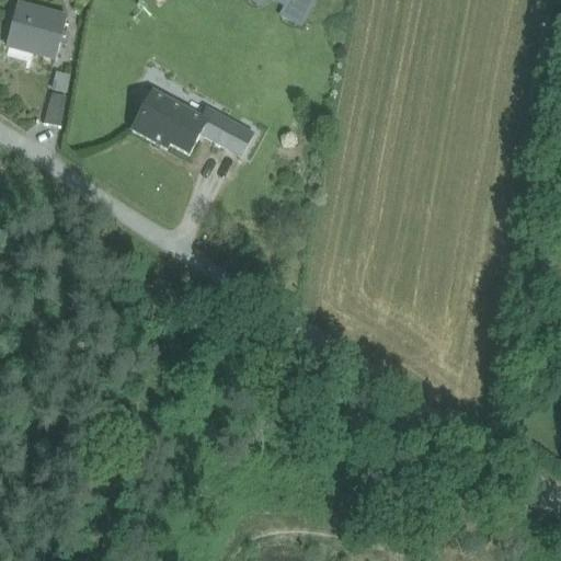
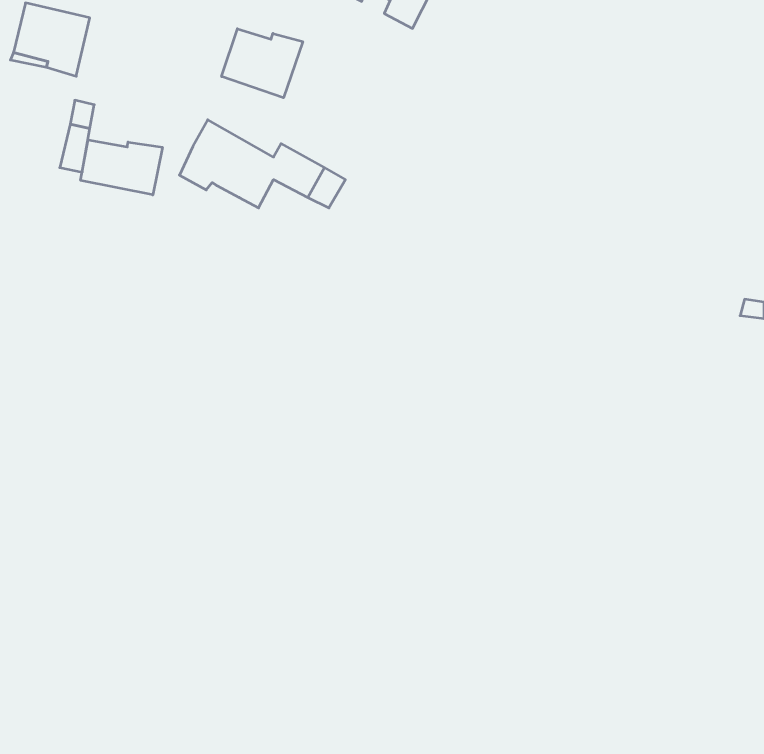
building: none -> [222,29,303,98]
building: none -> [81,140,162,195]

